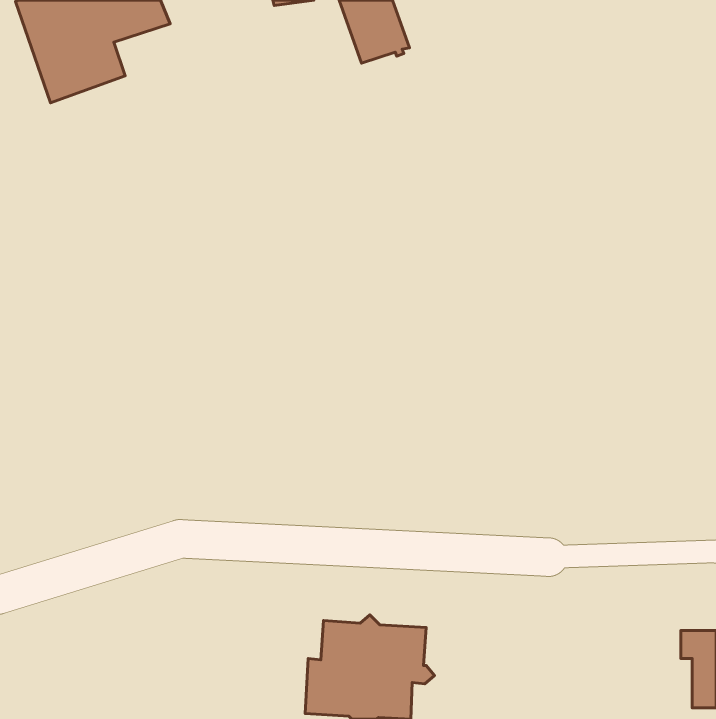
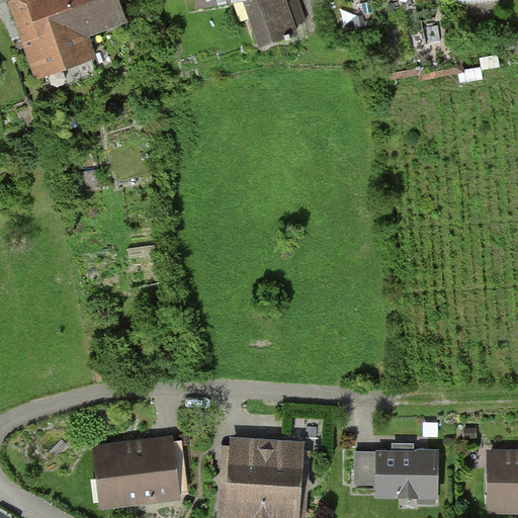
building: none -> [101,442,171,503]
building: none -> [354,444,435,502]

